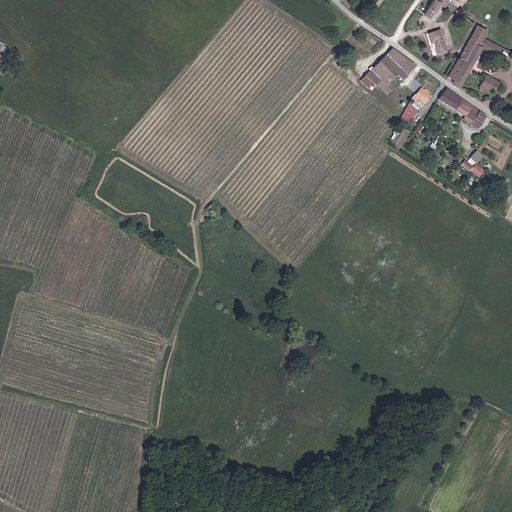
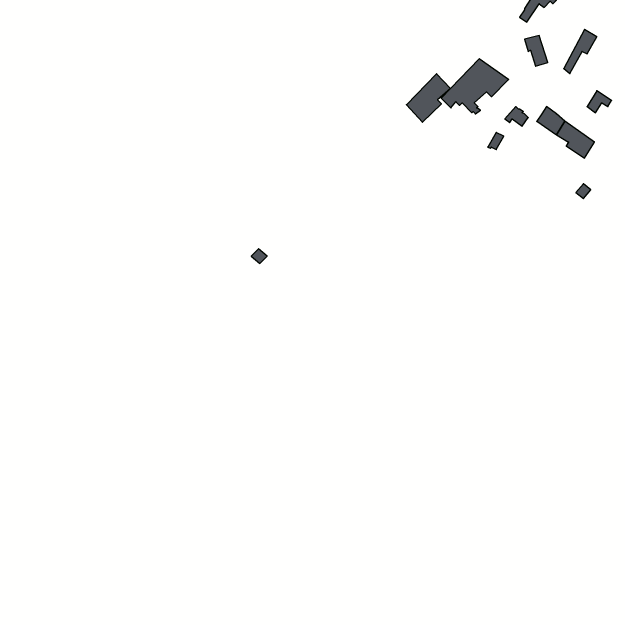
building: [449,37,503,87] -> none
building: none -> [406,74,450,122]

